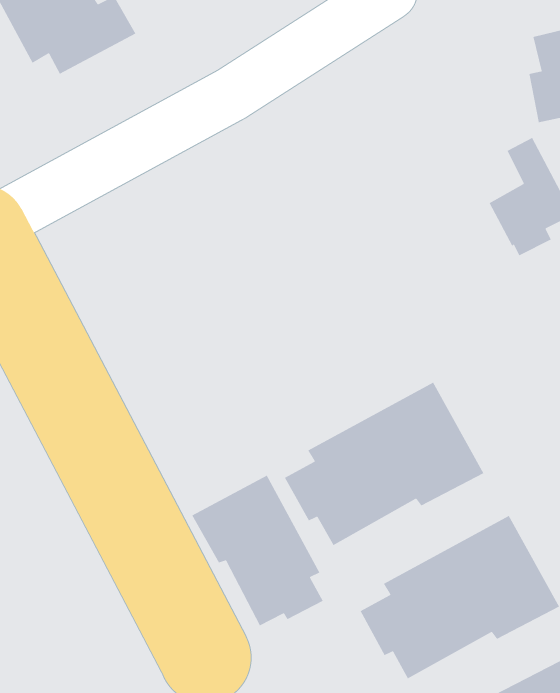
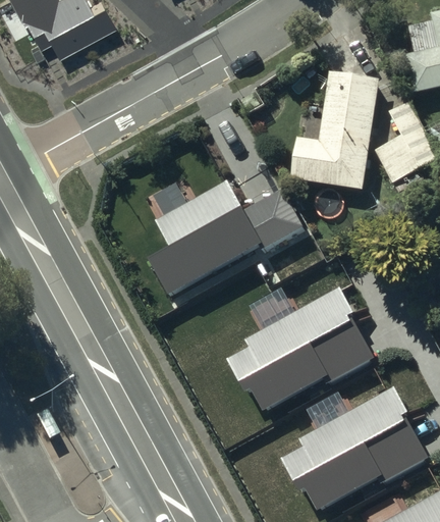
building: none -> [292,77,381,195]
building: none -> [145,178,306,297]
building: [191,475,324,627] -> none

